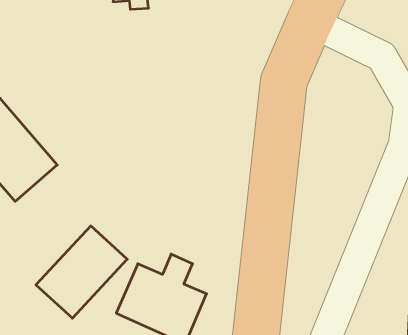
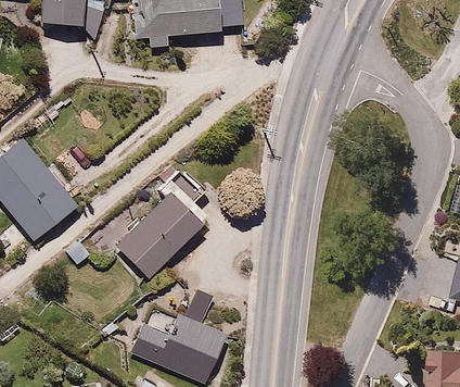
building: [36,226,127,318] -> [112,188,204,282]

